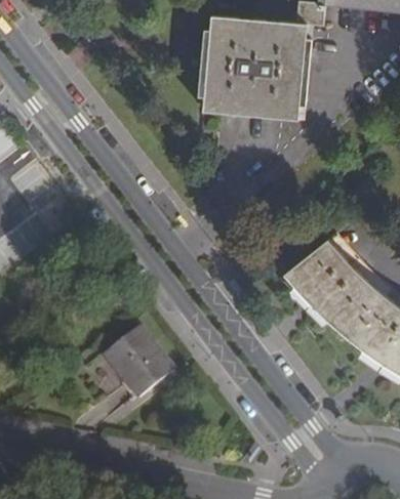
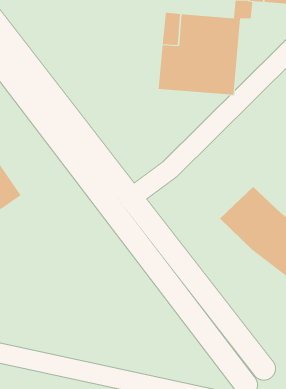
building: [99,319,179,399] -> none

